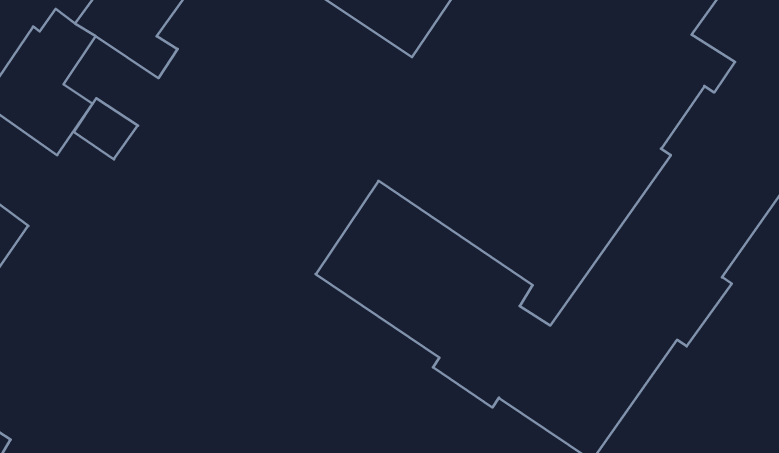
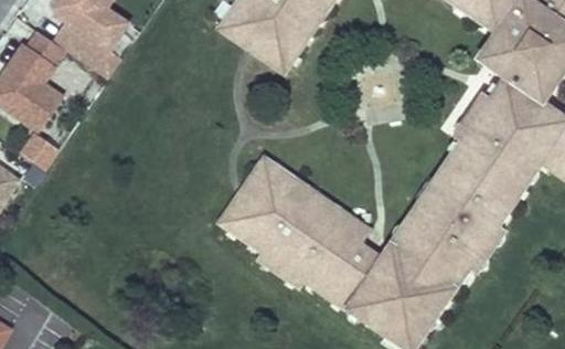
building: [74,98,138,159] -> [17,130,61,172]

